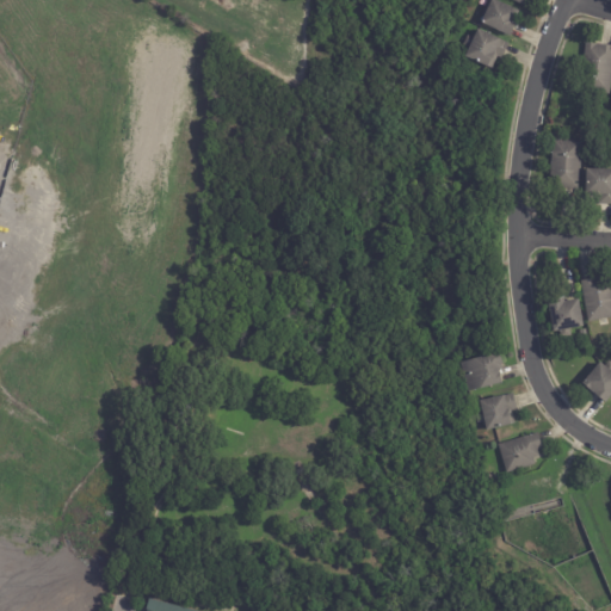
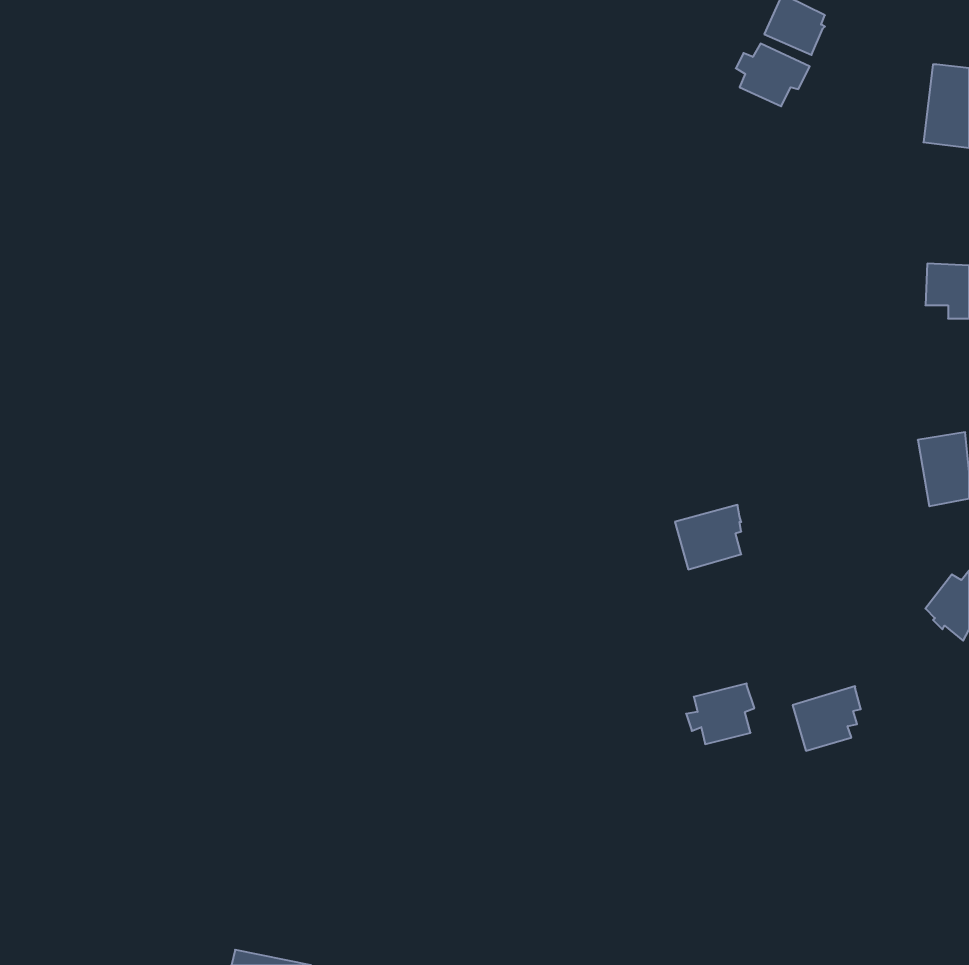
building: [545,135,579,184] -> none
building: [545,296,580,334] -> none
building: [461,352,502,393] -> [675,505,741,569]
building: [475,393,518,431] -> [686,683,754,744]

